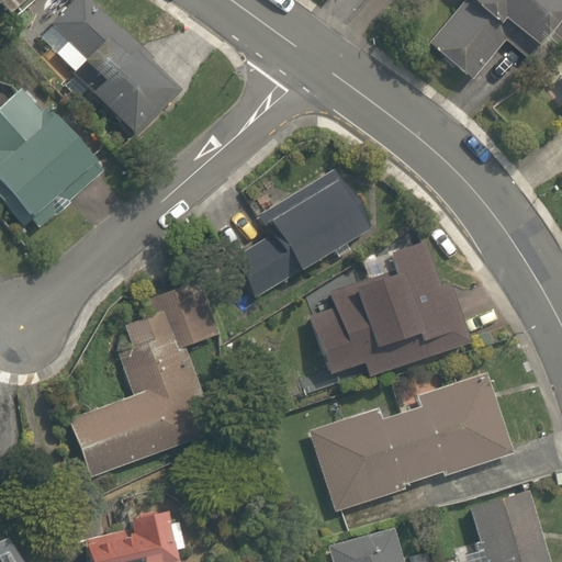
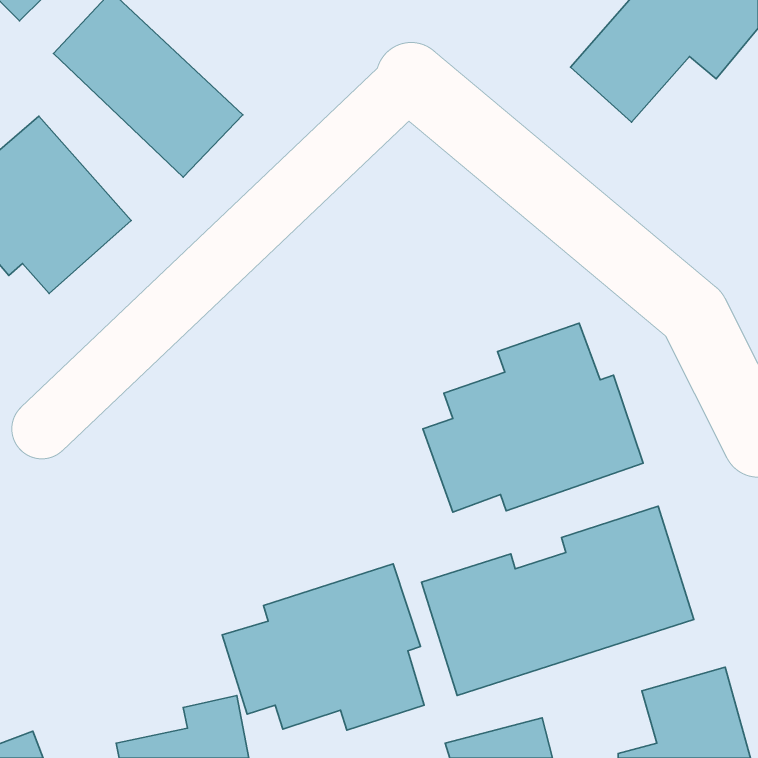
building: [224,164,372,303] -> none
building: [66,283,218,479] -> none
building: none -> [222,564,424,730]

